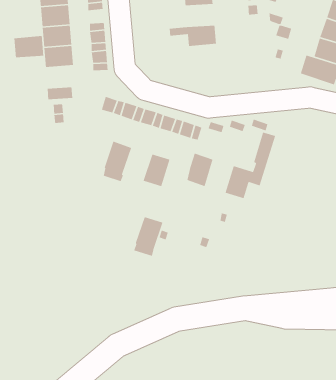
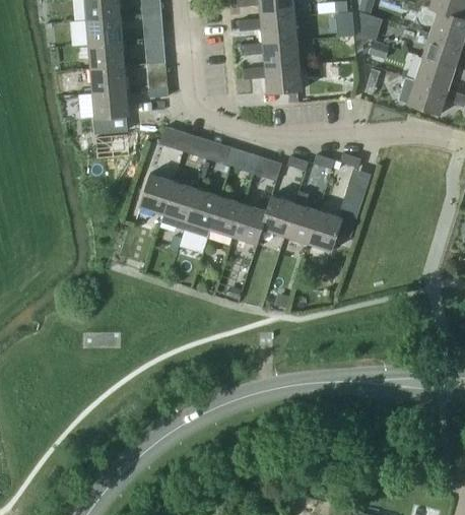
building: none -> [239,16,296,43]
building: [14,35,44,58] -> [92,89,129,117]
building: none -> [243,64,302,103]
building: none -> [139,173,174,213]
building: none -> [284,190,318,243]
building: none -> [233,202,266,244]
building: [133,216,164,257] -> [184,188,220,237]

